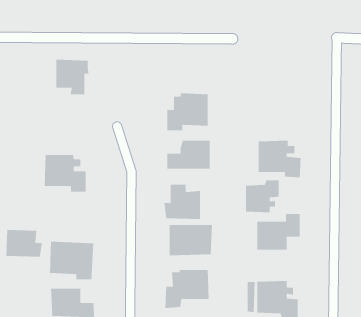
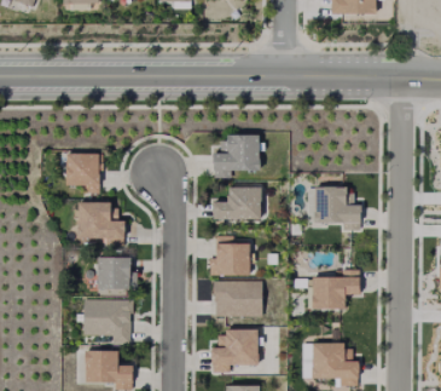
building: [56,59,90,95] -> [66,153,104,192]
building: [245,179,280,213] -> none
building: [5,229,43,258] -> [97,258,138,289]

